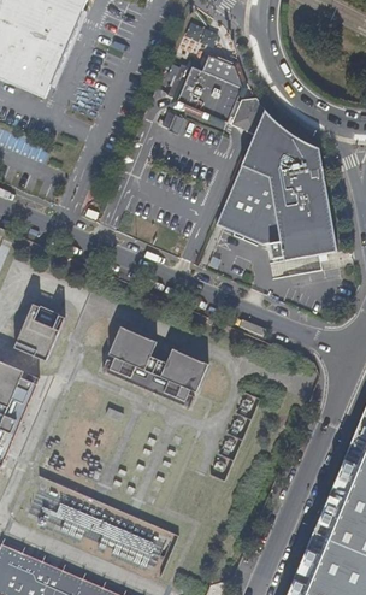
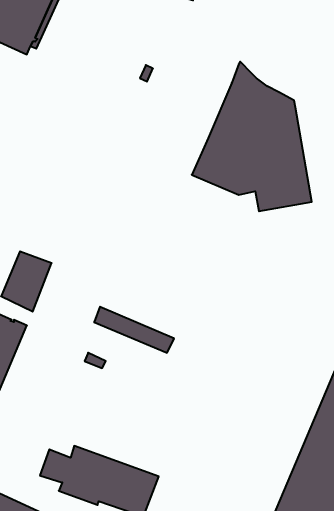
building: [166,54,259,129] -> none
building: [111,326,211,393] -> none

